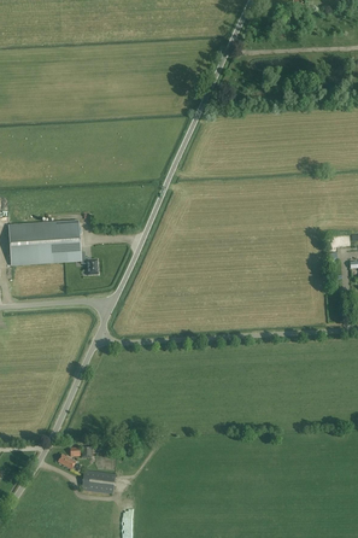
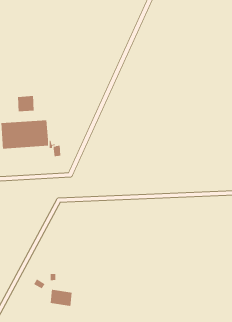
building: none -> [17,95,34,112]

